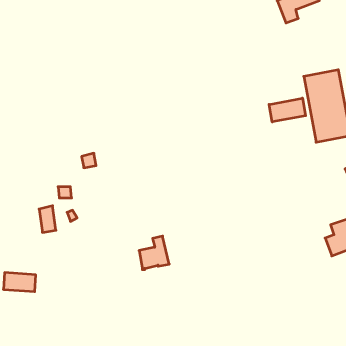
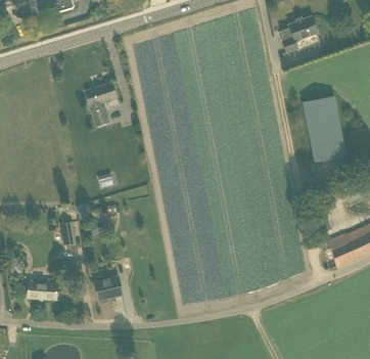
building: none -> [85,82,117,125]
building: [269,98,306,122] -> none
building: [139,236,169,270] -> [95,268,123,299]

